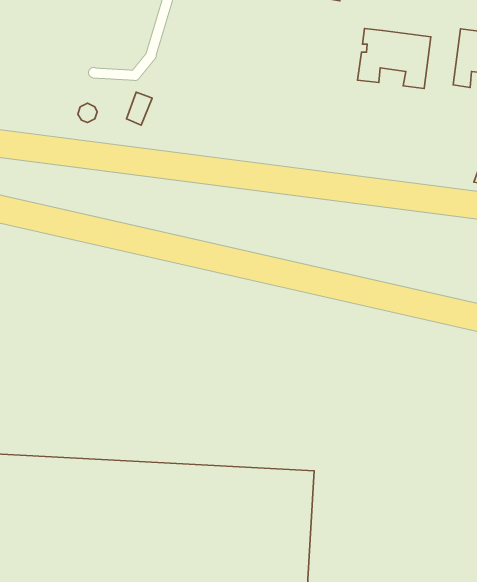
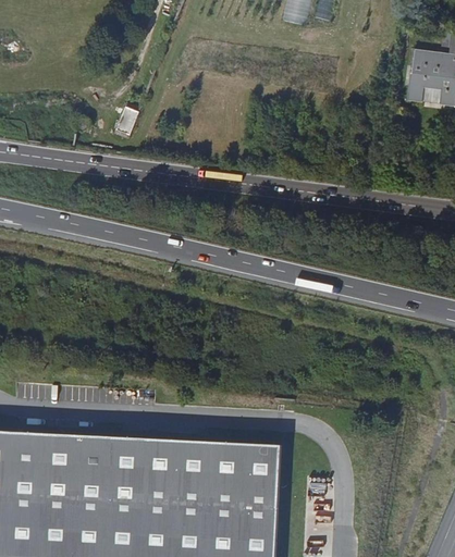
building: [358,28,431,88] -> none

